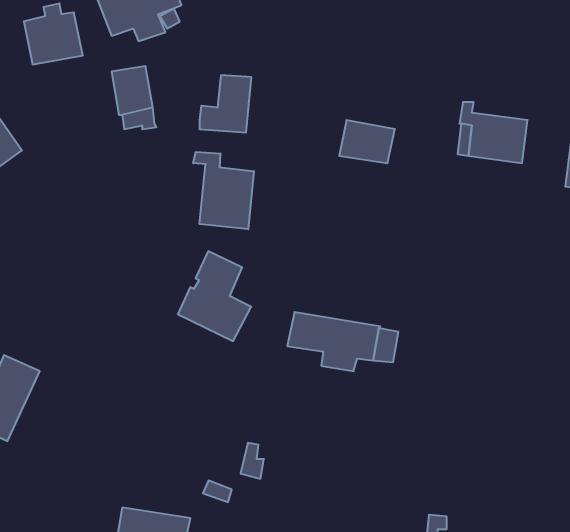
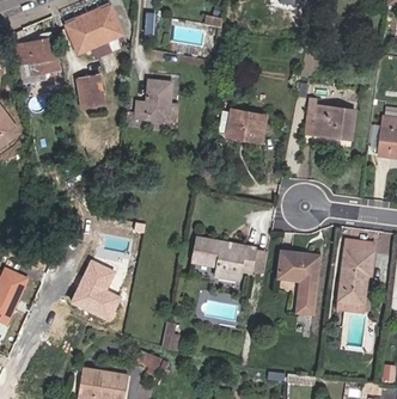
building: [193,152,254,229] -> none
building: [178,251,251,341] -> [72,260,121,320]
building: none -> [340,240,374,302]
building: none -> [280,252,319,312]

